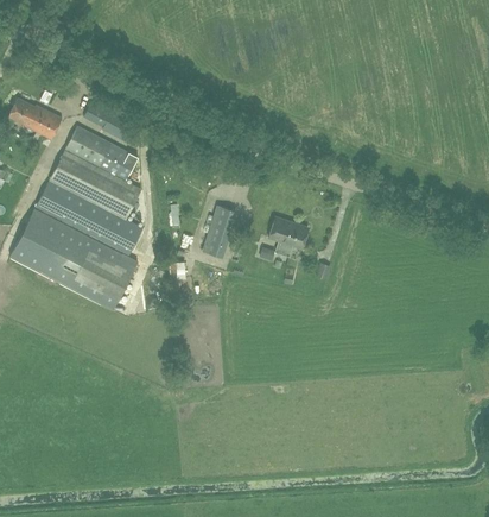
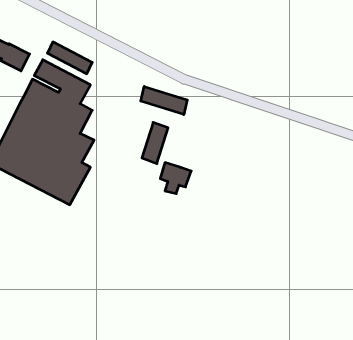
building: none -> [141,86,187,115]
building: [268,216,307,256] -> [160,163,191,194]

